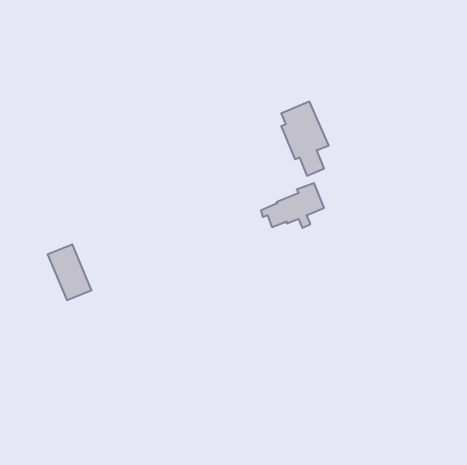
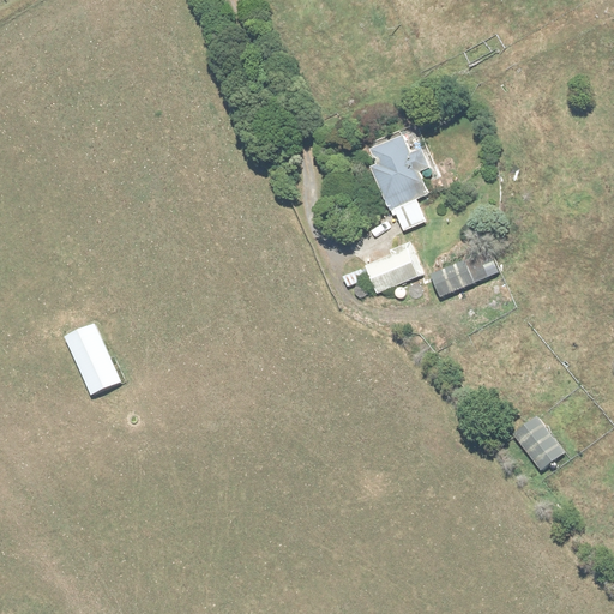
building: none -> [432,254,496,296]
building: none -> [512,414,564,468]

